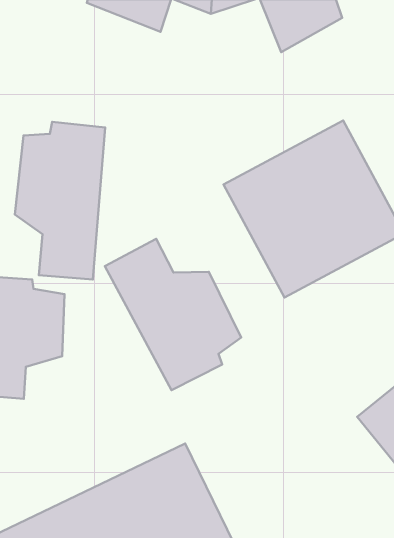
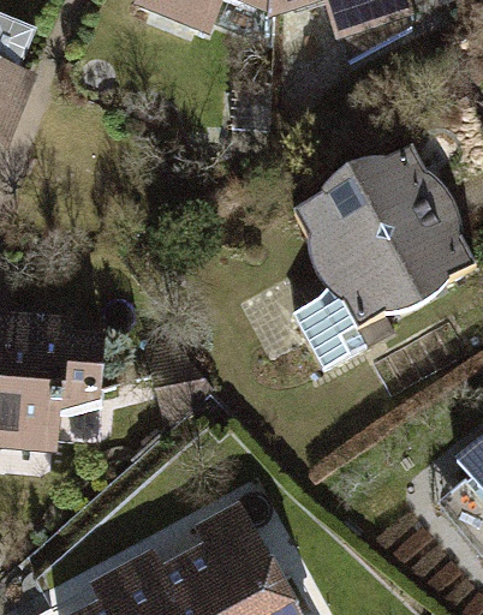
building: [15,122,105,280] -> none
building: [105,239,241,390] -> none

